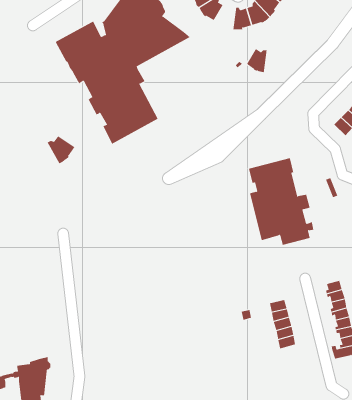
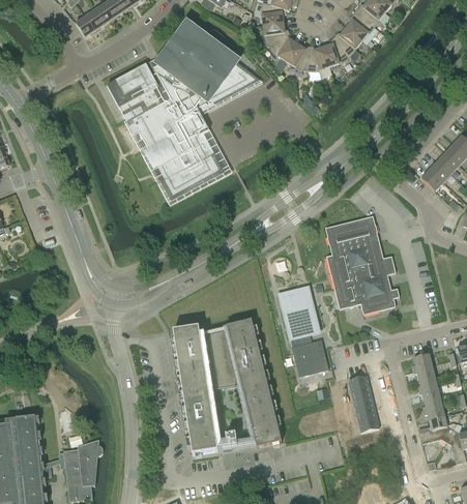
building: [246,48,267,73] -> [287,42,311,70]
building: [47,136,75,164] -> none
building: none -> [280,287,329,376]
building: none -> [170,319,282,453]

